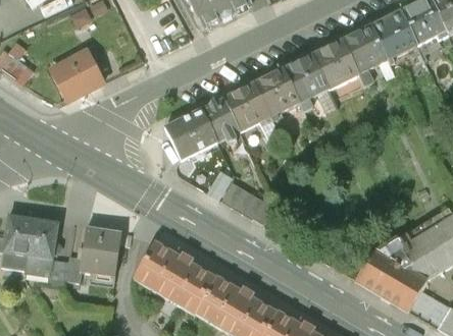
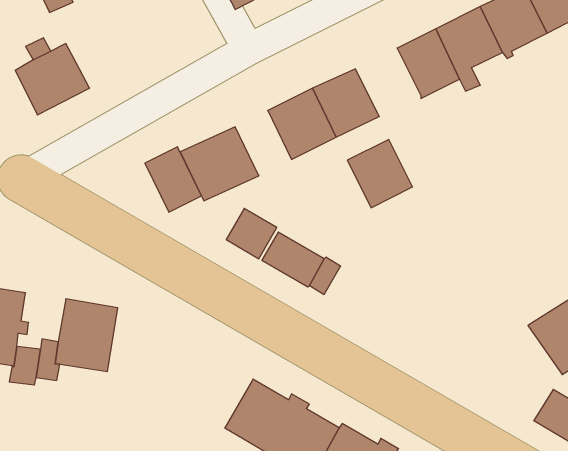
building: [286,54,331,101] -> [347,140,413,208]
building: [203,97,242,142] -> [145,147,201,212]
building: [356,234,427,310] -> none
building: [135,249,214,317] -> none

